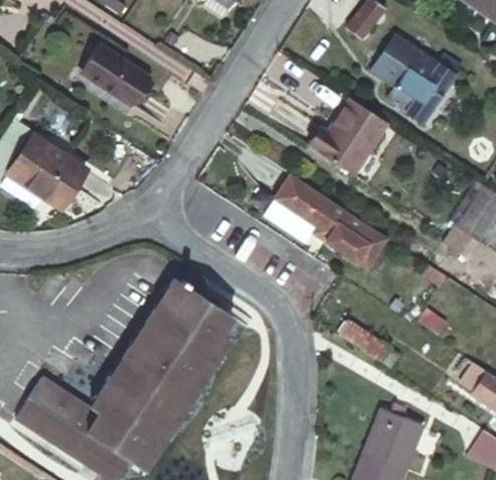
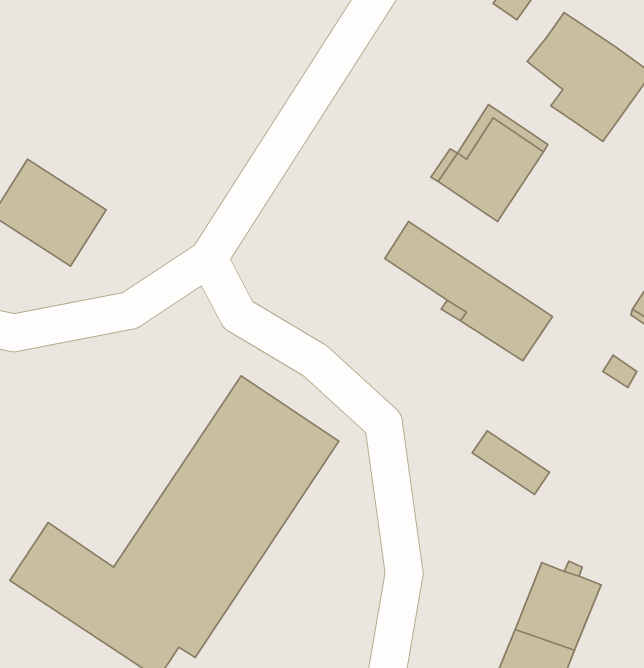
building: [82,48,147,105] -> none

